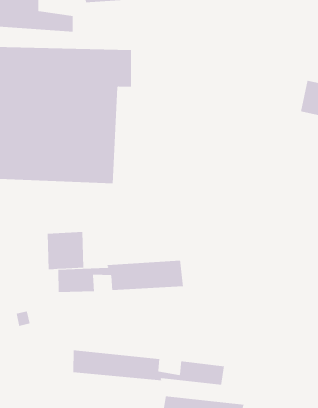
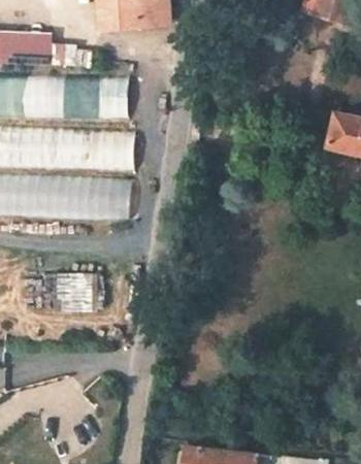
building: [58,260,184,293] -> none
building: [73,349,224,386] -> none

